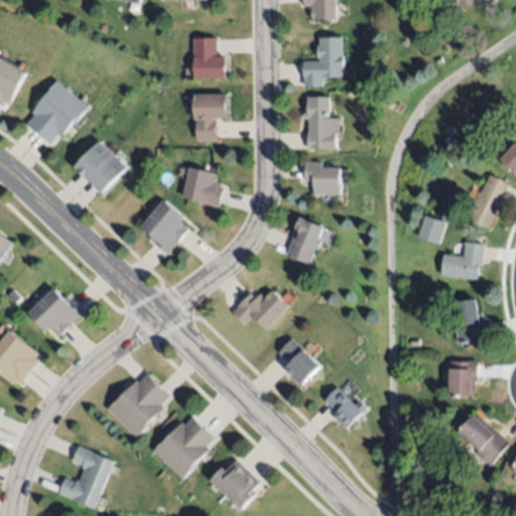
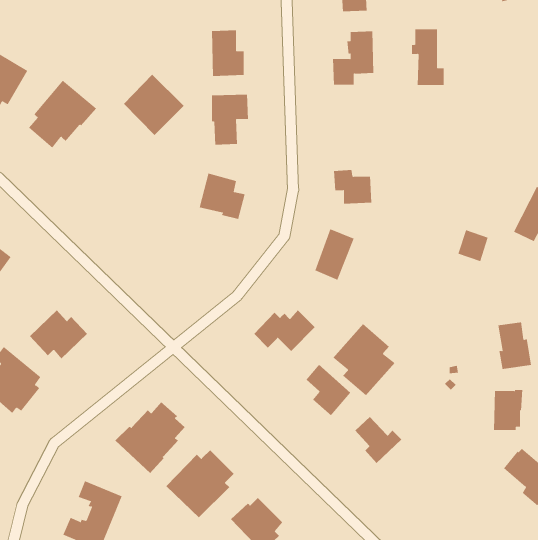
building: [303,98,334,149] -> [411,29,444,85]
building: [73,138,128,195] -> [123,74,184,136]
building: [141,201,189,255] -> none
building: [441,244,483,281] -> none
building: none -> [333,323,395,396]

